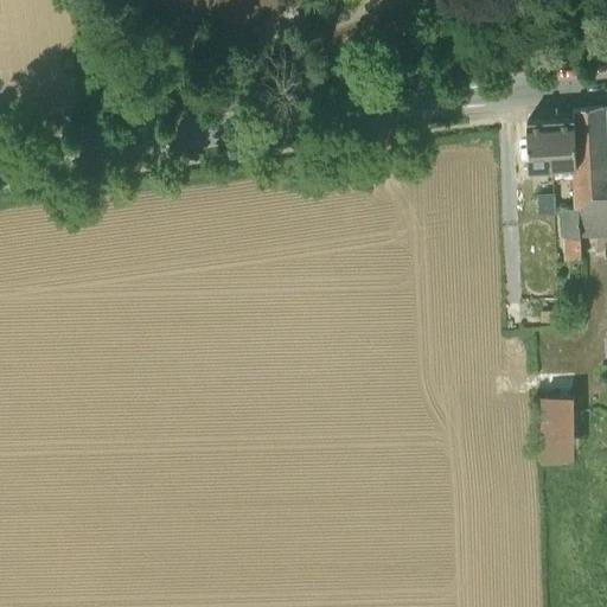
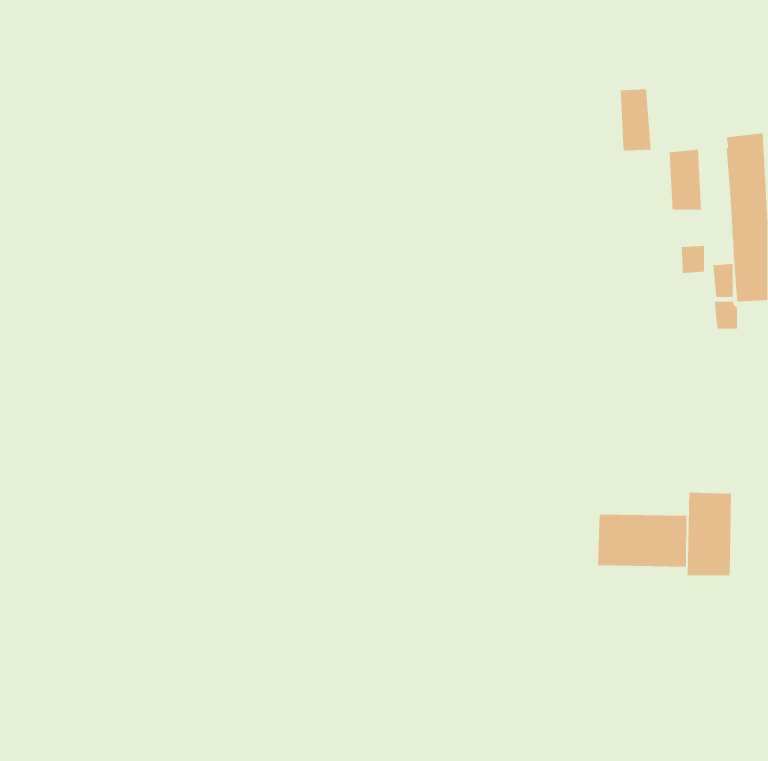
building: [551,122,576,172] -> [620,88,651,152]
building: none -> [597,514,687,567]

